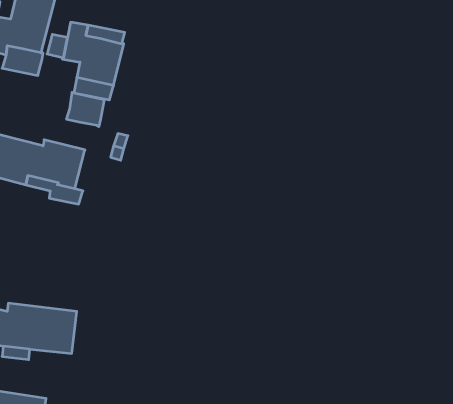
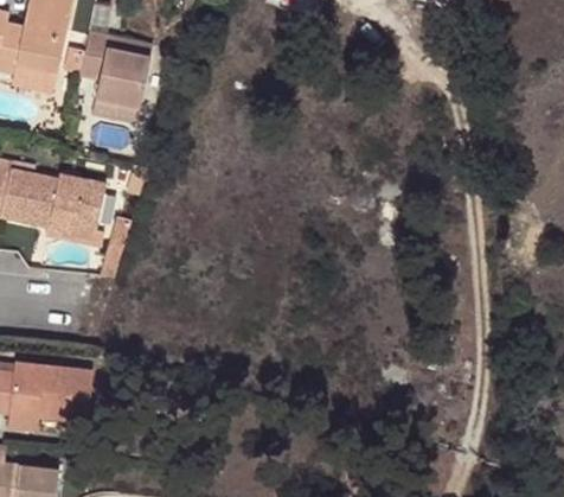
building: [67,92,104,127] -> none

